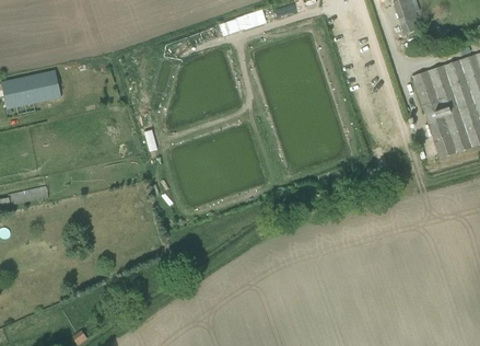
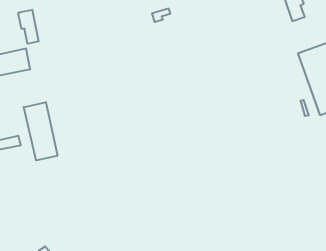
building: none -> [18,10,39,44]
building: none -> [24,102,57,160]

